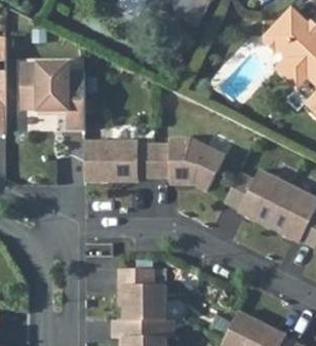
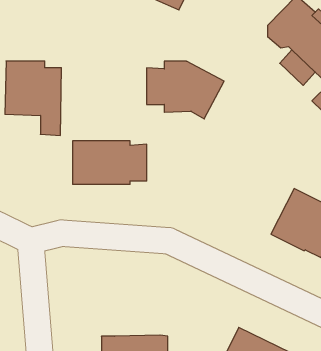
building: [154,137,226,190] -> [147,61,224,119]
building: [225,168,290,226] -> none
building: [119,268,166,320] -> none

